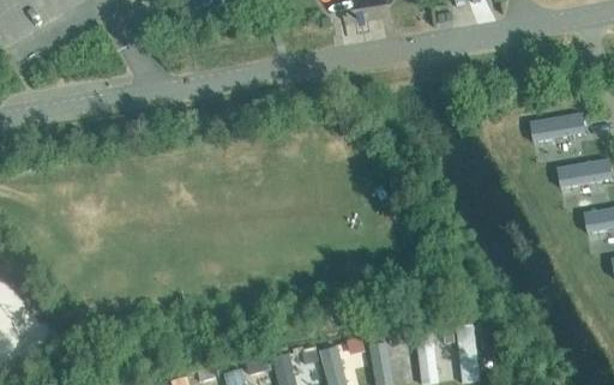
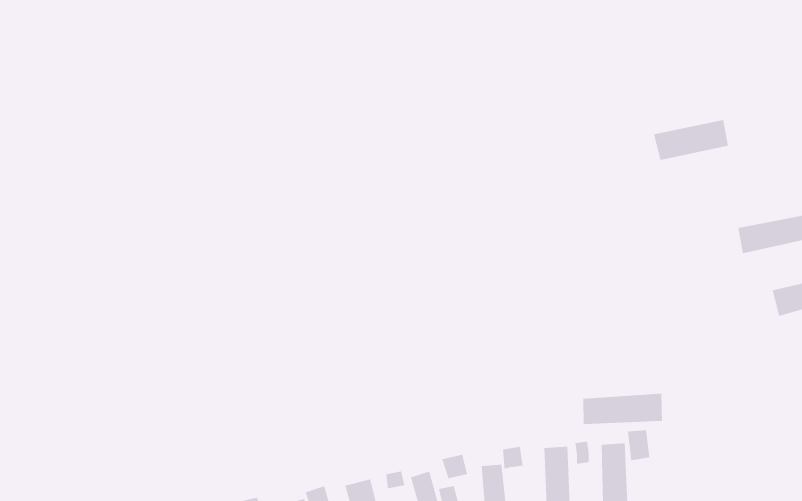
building: [530,110,585,140] -> [653,119,729,161]
building: none -> [583,393,663,425]

